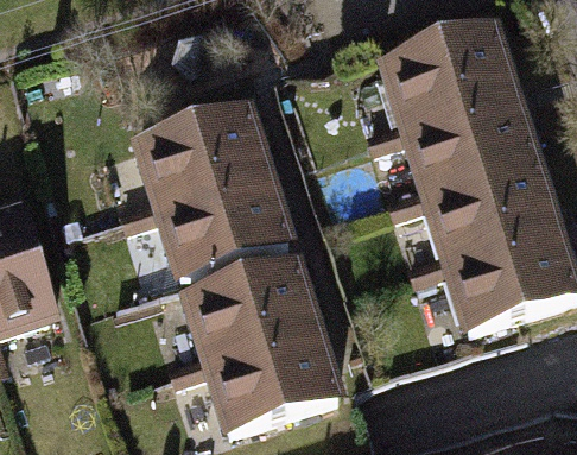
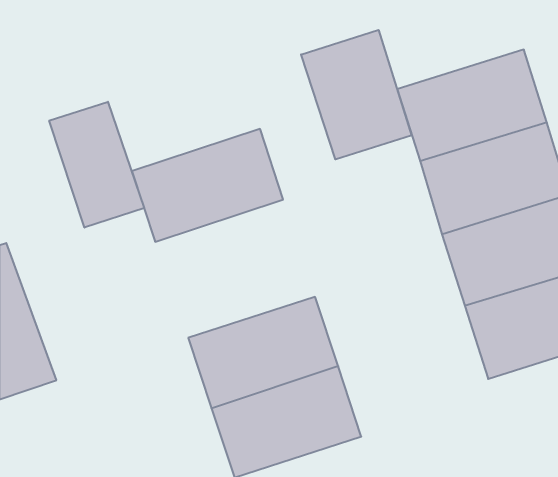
building: none -> [301,30,412,159]
building: none -> [49,102,144,228]
building: [157,188,297,291] -> none

